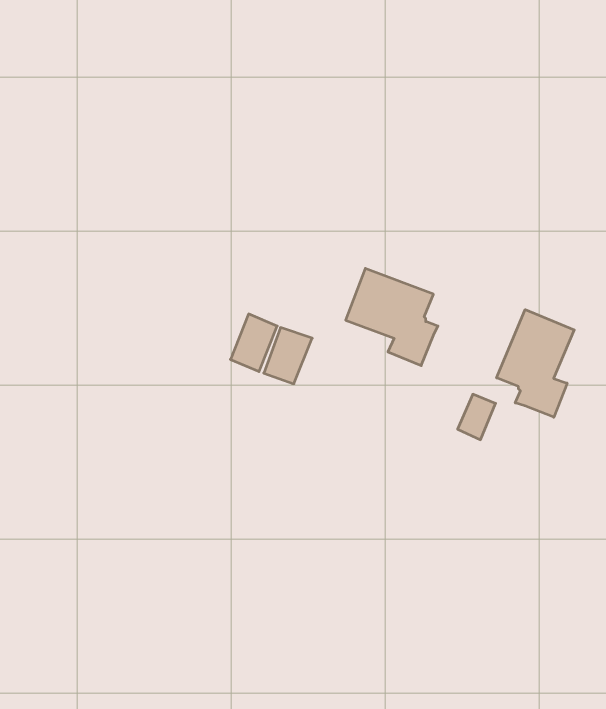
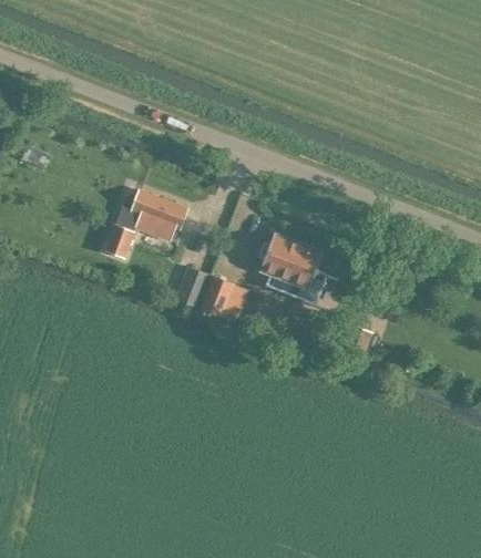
building: none -> [105,189,187,258]
building: [497,310,574,417] -> none

